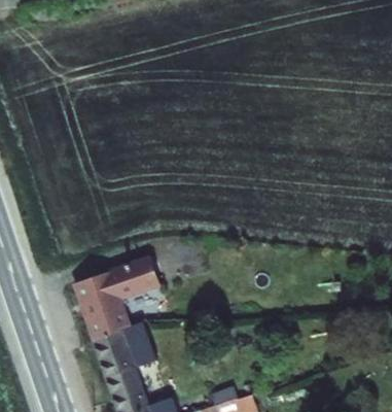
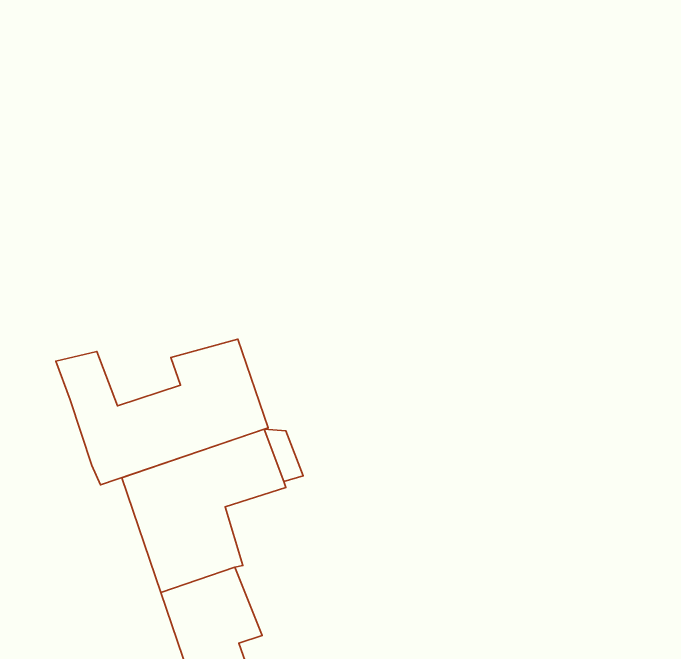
building: none -> [56,339,268,485]

